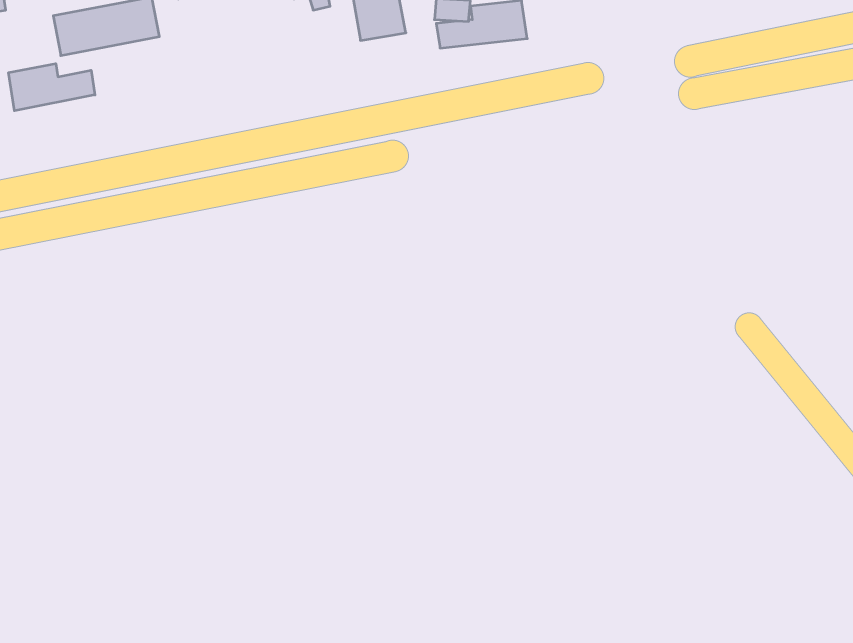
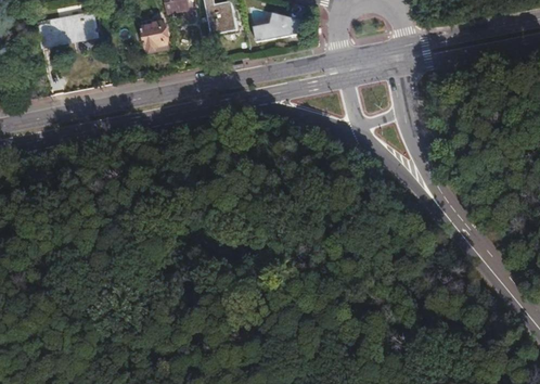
building: none -> [141,21,165,52]
building: [9,64,95,111] -> none

